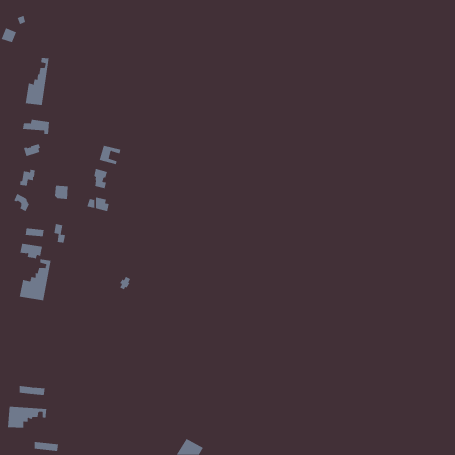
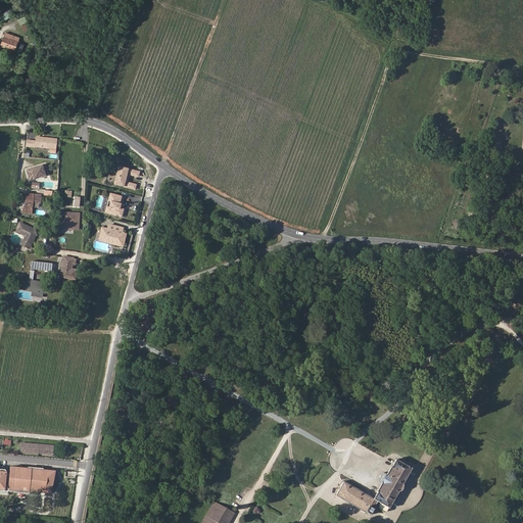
building: [25,57,49,106] -> none
building: [19,258,51,301] -> none
building: none -> [337,461,412,516]

